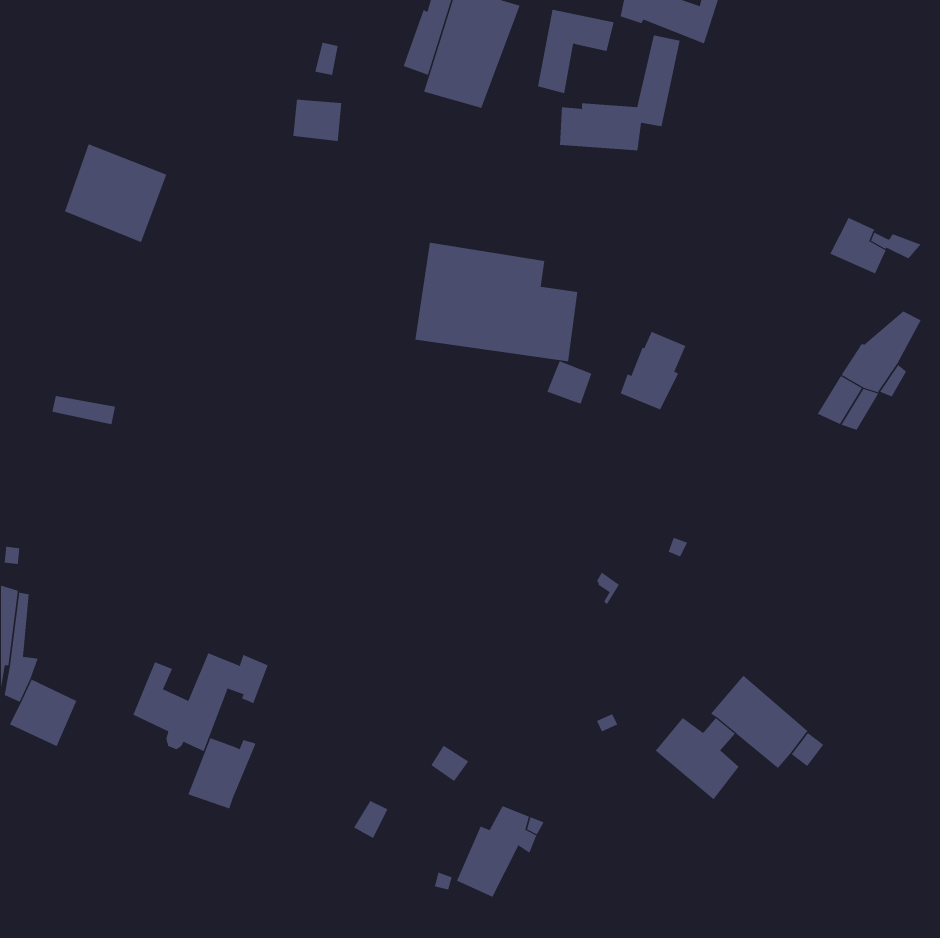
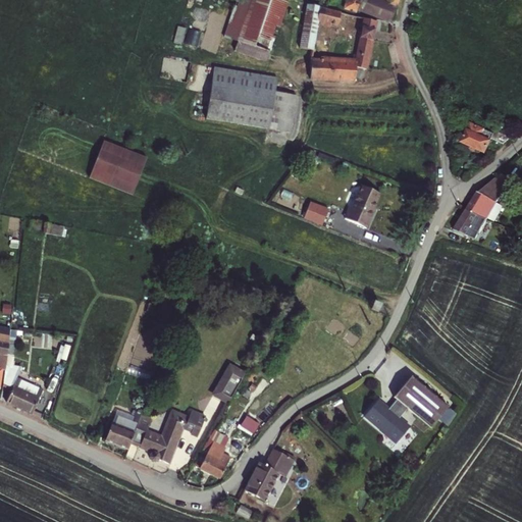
building: [64,143,167,243] -> [90,139,147,194]
building: [414,242,578,362] -> [205,67,296,134]
building: [132,652,269,752] -> [129,408,205,463]
building: none -> [212,367,244,404]
building: none -> [205,449,232,477]

